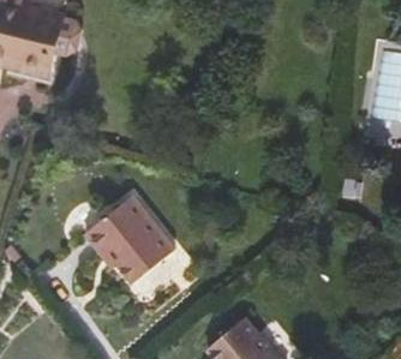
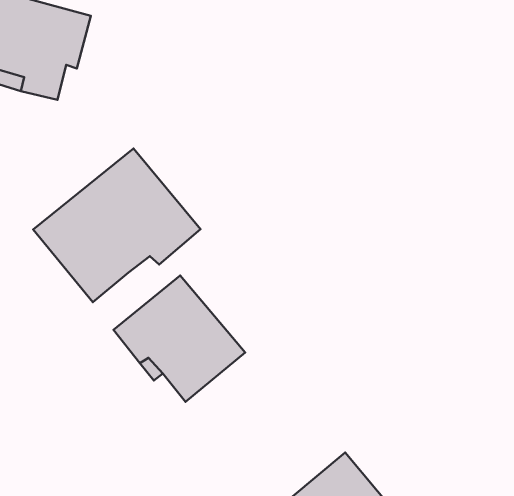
building: none -> [33,149,200,302]

